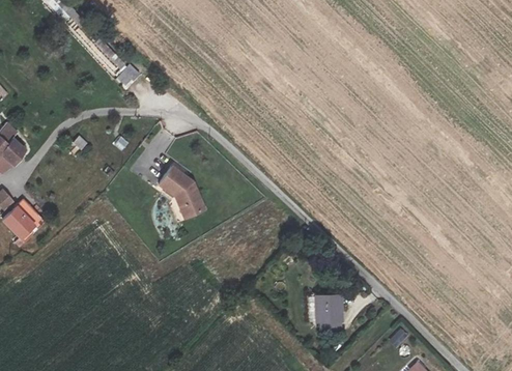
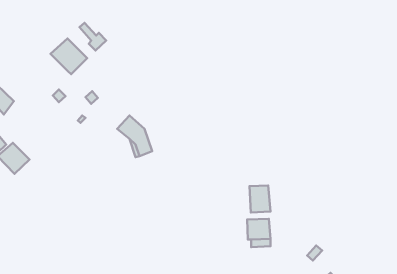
building: none -> [51,39,87,74]
building: none -> [249,186,271,212]

